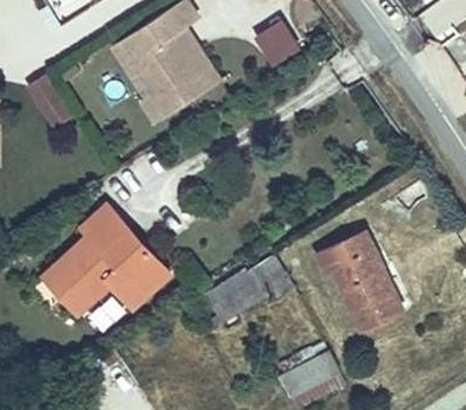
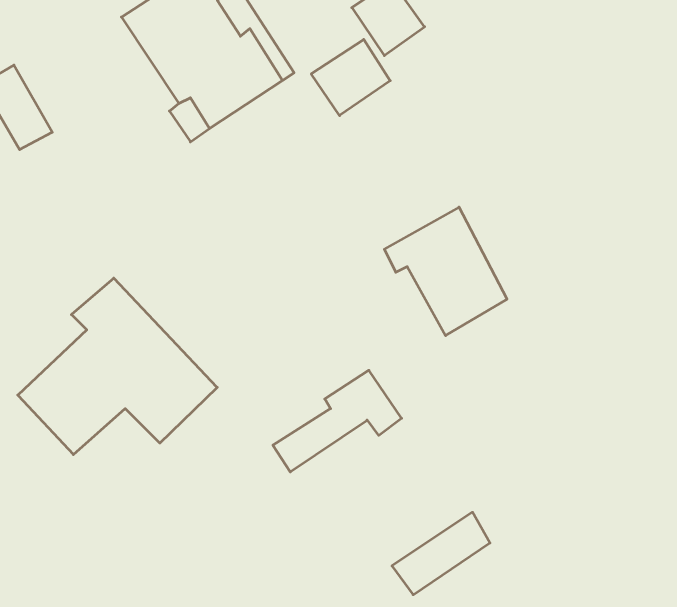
building: none -> [311,39,390,116]
building: [320,246,396,326] -> [384,207,507,336]

